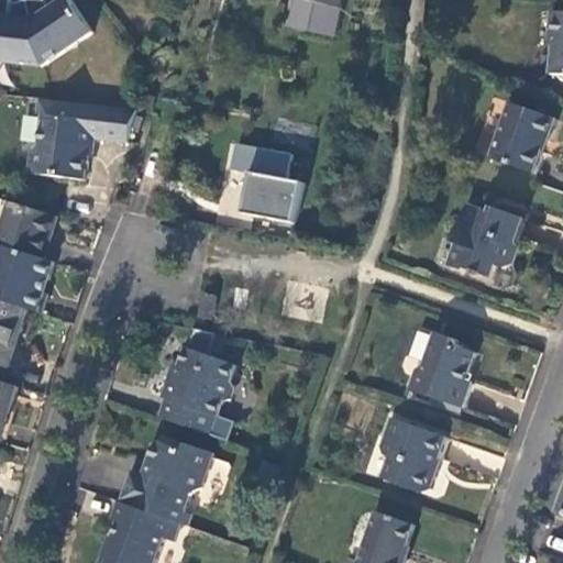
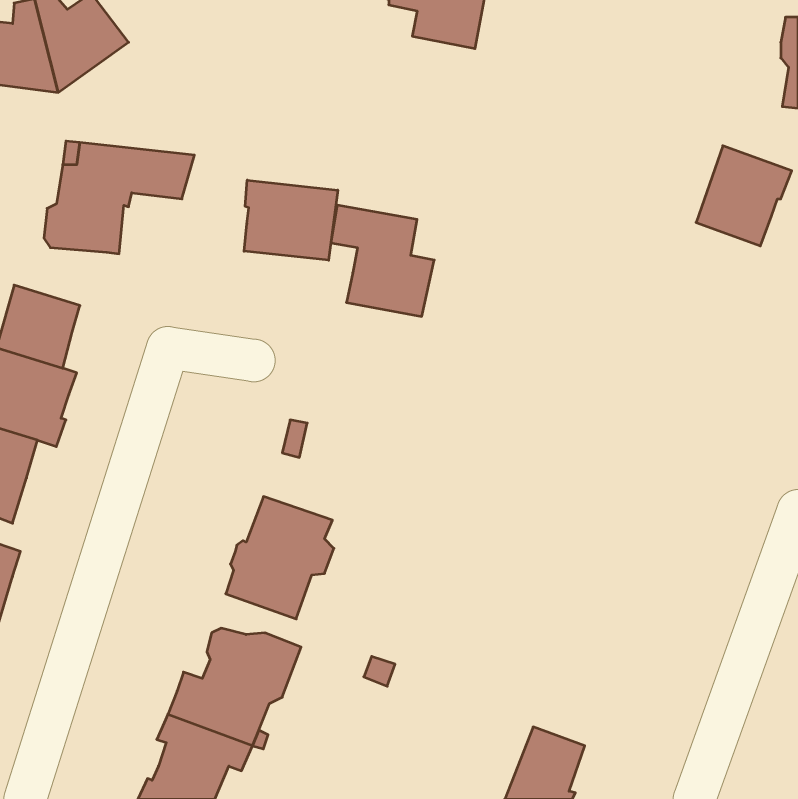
building: none -> [244,180,338,260]
building: [449,205,522,276] -> none
building: [409,331,475,407] -> none
building: [379,417,445,493] -> none

